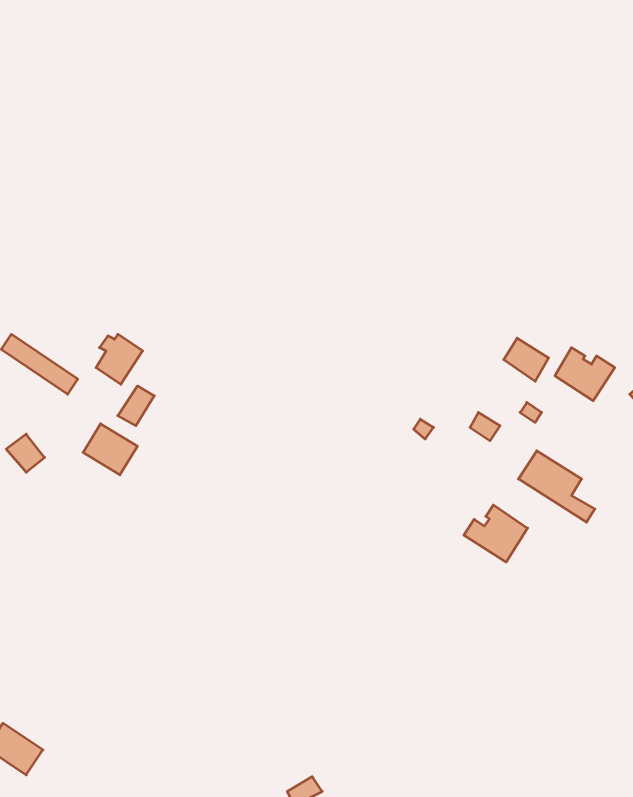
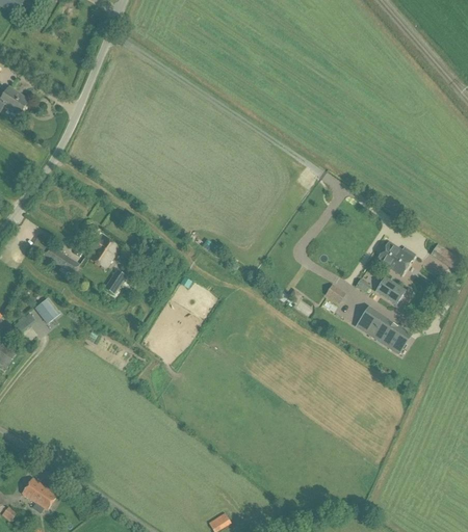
building: [504,338,549,381] -> [376,278,405,305]
building: [83,424,137,475] -> none
building: [464,505,528,562] -> none

